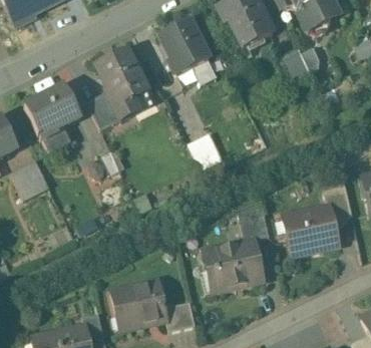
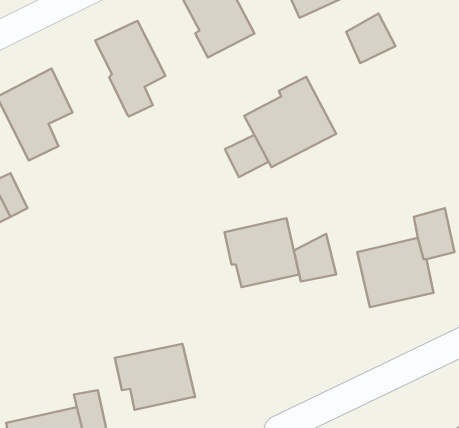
building: none -> [244,77,336,167]
building: [87,90,119,127] -> none
building: [209,241,262,290] -> [225,218,299,287]
building: [164,300,195,329] -> none

